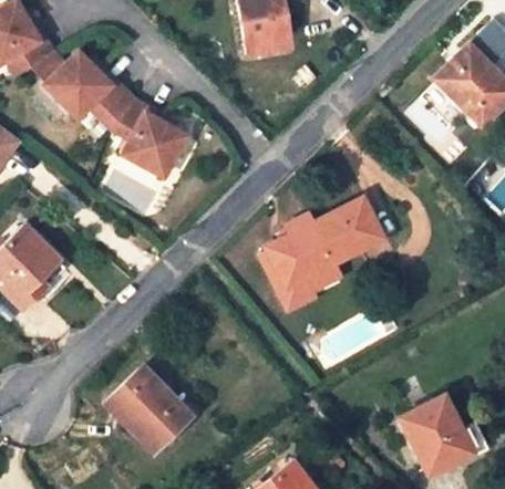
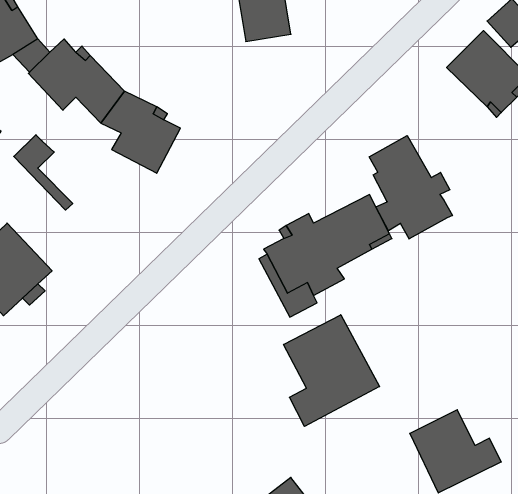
building: none -> [14,135,73,210]
building: none -> [369,136,452,239]
building: none -> [284,315,380,426]
building: [103,367,189,452] -> none

